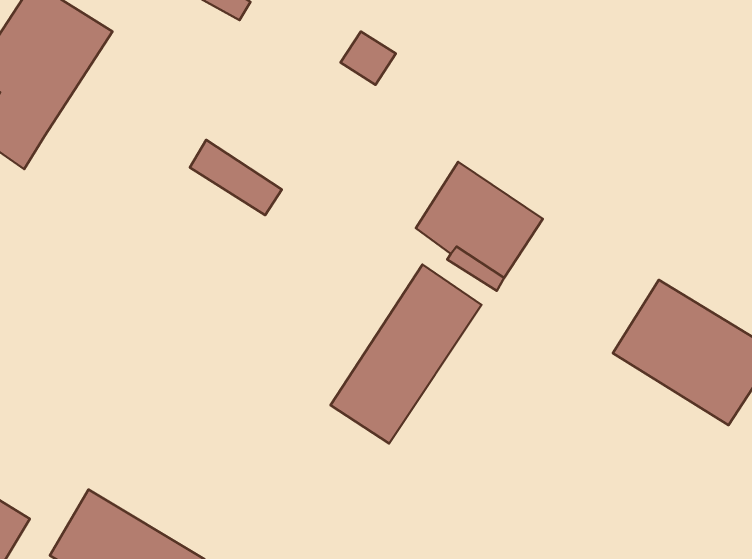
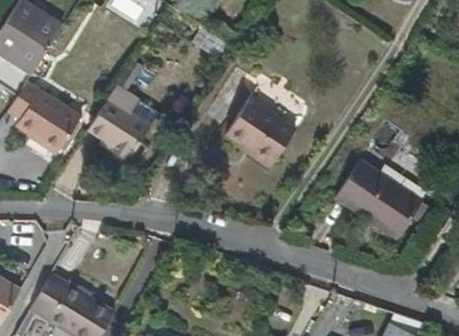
building: none -> [7,81,80,153]
building: none -> [86,98,149,157]
building: [331,265,482,444] -> none

